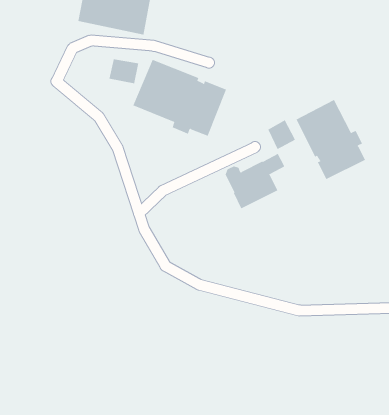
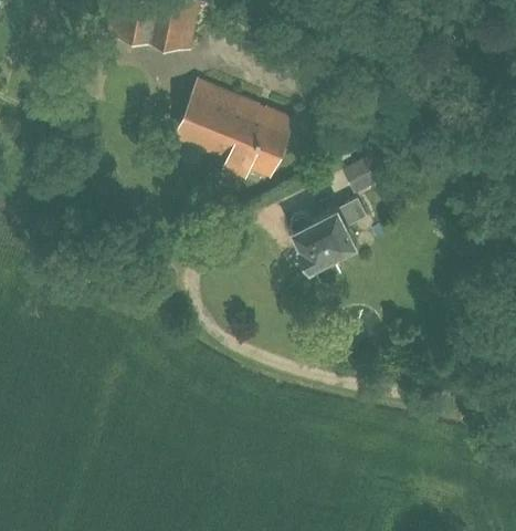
building: [109,59,139,84] -> none
building: [296,99,366,180] -> none

